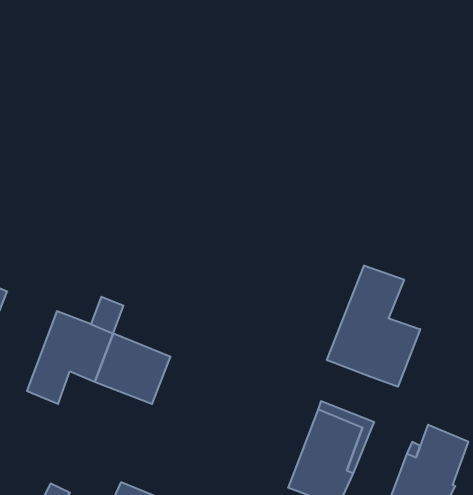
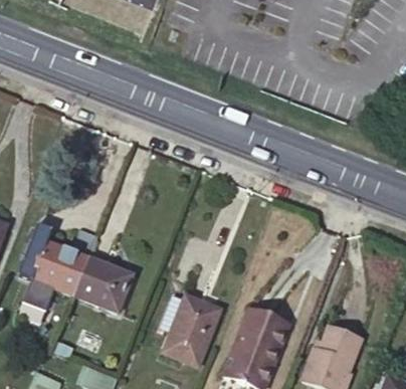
building: [327,265,420,387] -> none
building: none -> [161,297,220,366]

